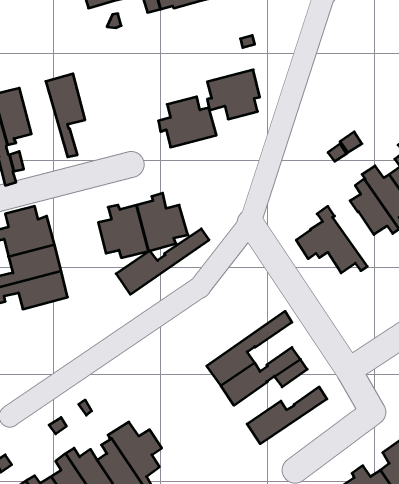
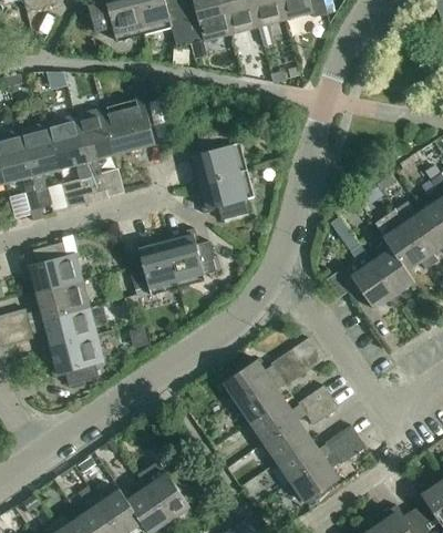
building: none -> [102,98,155,155]
building: [207,70,260,119] -> [200,171,254,221]
building: none -> [48,116,96,196]
building: none -> [364,247,414,304]
building: [116,229,209,294] -> [223,338,317,404]
building: none -> [50,335,104,386]
building: none -> [265,420,312,463]
building: none -> [291,438,365,503]

